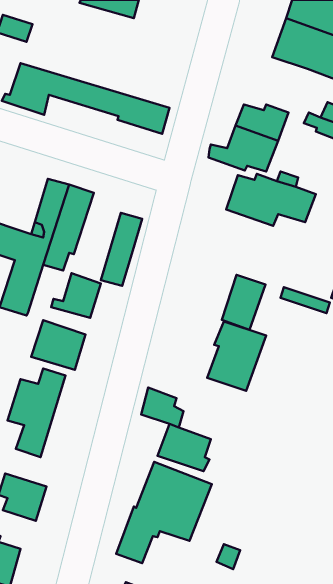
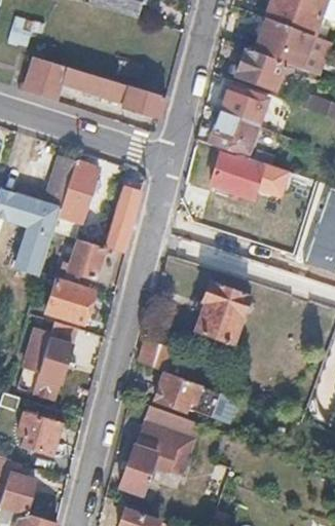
building: none -> [235,48,285,90]
building: [222,275,266,330] -> none

